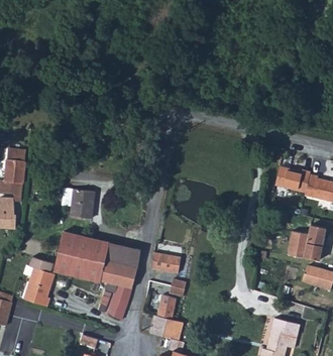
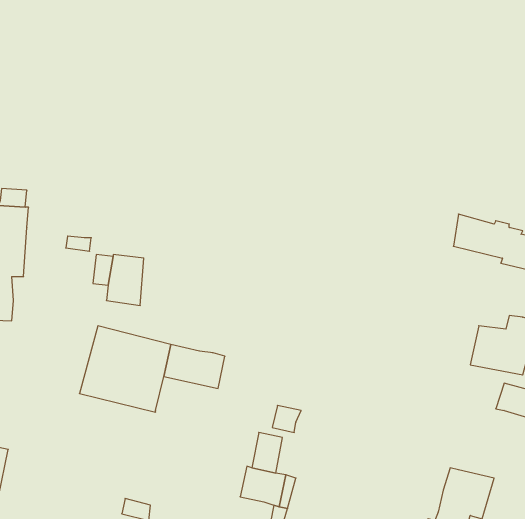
building: [150,252,181,272] -> none
building: [99,261,136,320] -> none
building: [23,267,54,306] -> none

